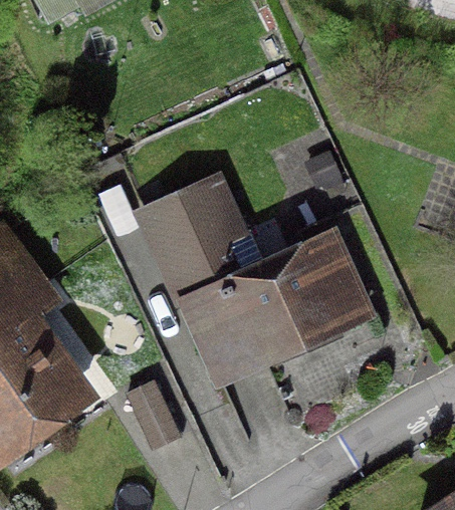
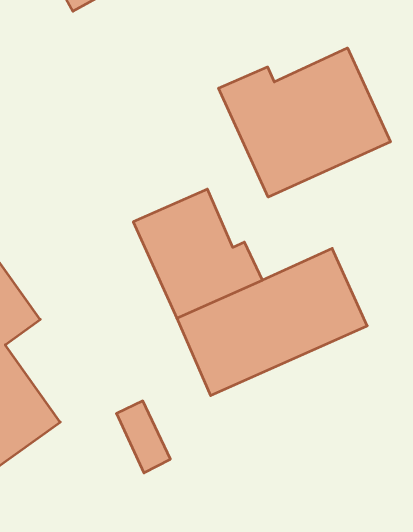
building: none -> [219,48,390,197]

